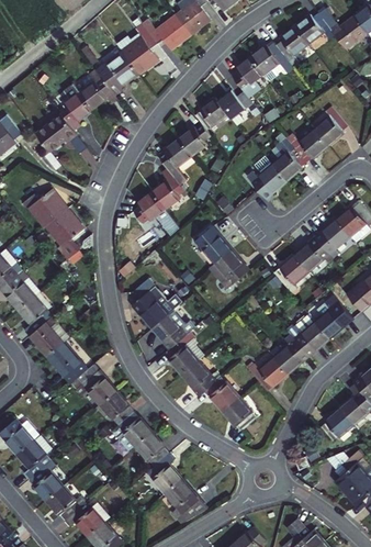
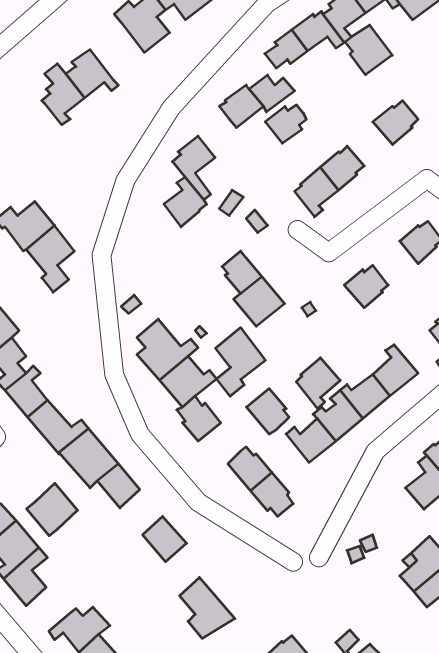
building: [94,51,137,96] -> none
building: none -> [345,25,392,75]
building: [34,113,77,152] -> none
building: [179,125,211,155] -> [265,105,306,143]
building: [294,127,329,161] -> none
building: [134,191,180,235] -> none
building: [314,220,349,258] -> none
building: [273,254,307,293] -> [296,358,340,409]
building: none -> [216,328,265,396]
building: [179,360,212,395] -> [246,389,289,434]
building: [319,411,353,444] -> none
building: [112,412,151,453] -> [27,483,78,536]
building: [147,454,180,494] -> none
building: [46,488,79,522] -> none

